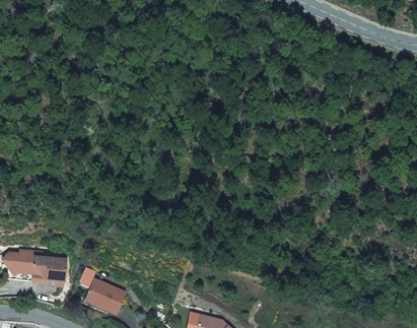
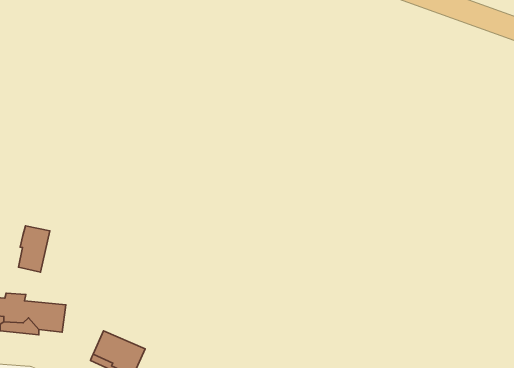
building: none -> [19,226,50,272]

